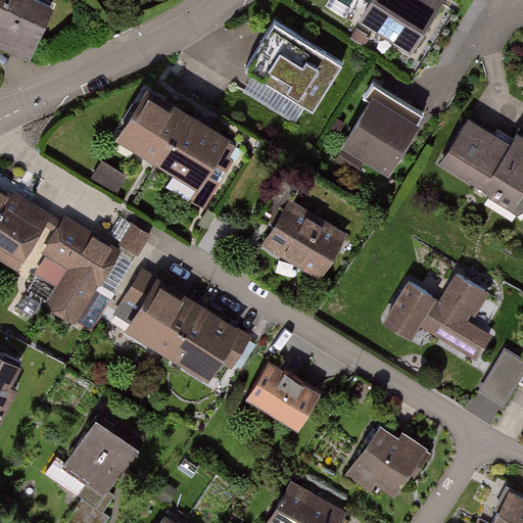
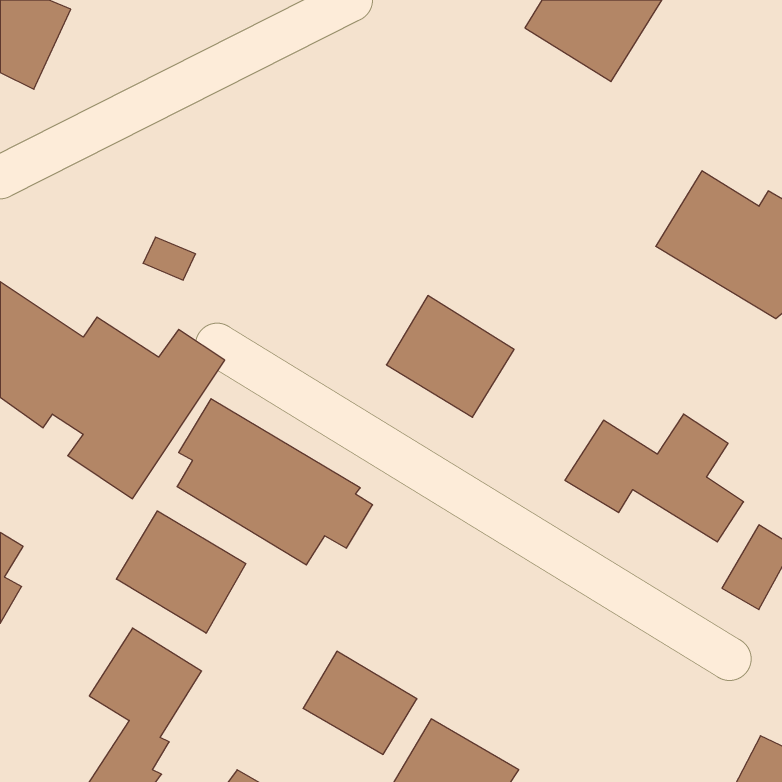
building: [238,21,342,116] -> none
building: [340,88,425,176] -> none
building: [111,94,224,188] -> none
building: none -> [116,511,246,633]
building: [244,361,320,429] -> [303,651,417,754]
building: [345,425,427,496] -> none

